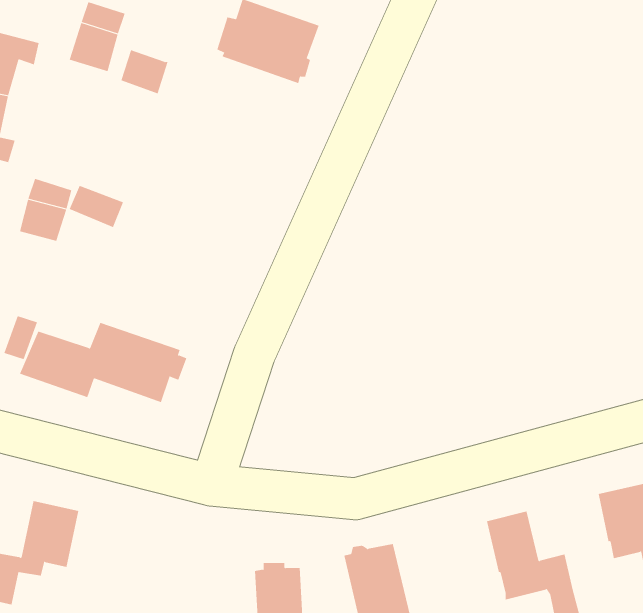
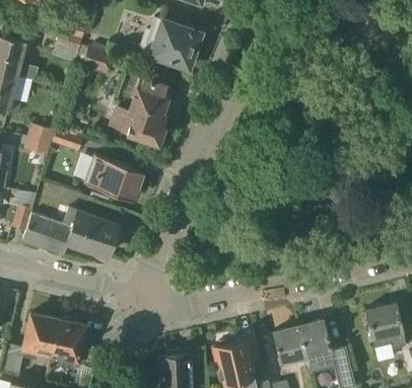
building: none -> [112,71,173,142]
building: none -> [86,154,143,200]
building: none -> [51,318,86,369]
building: none -> [274,326,307,364]

